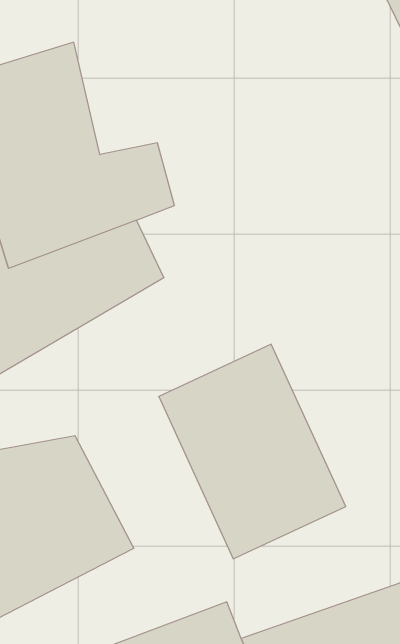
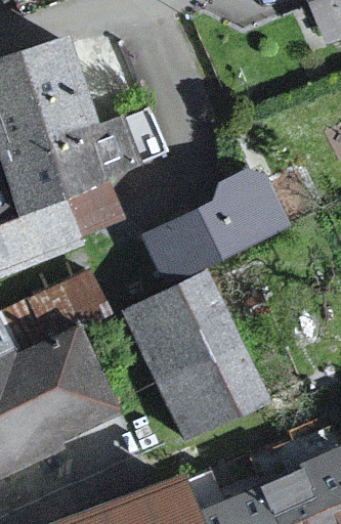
building: none -> [137,170,295,290]

